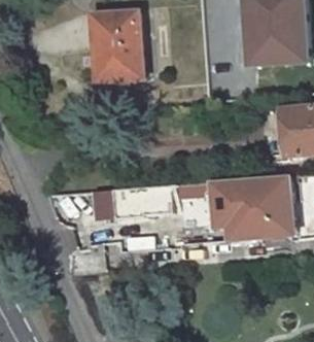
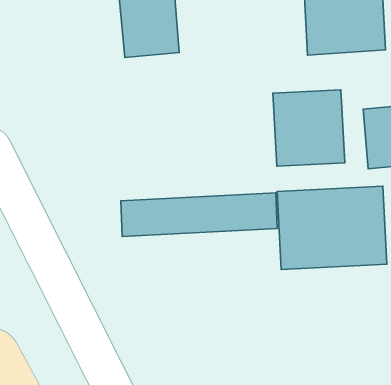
building: none -> [273,90,345,166]

